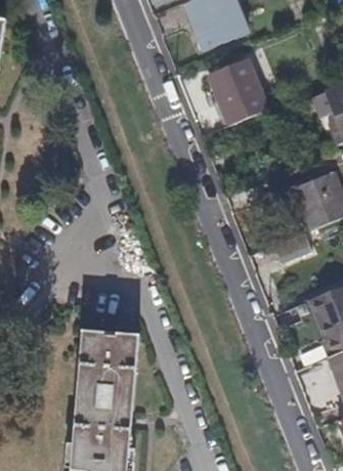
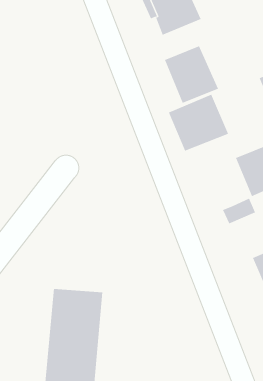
building: none -> [168,94,229,151]

